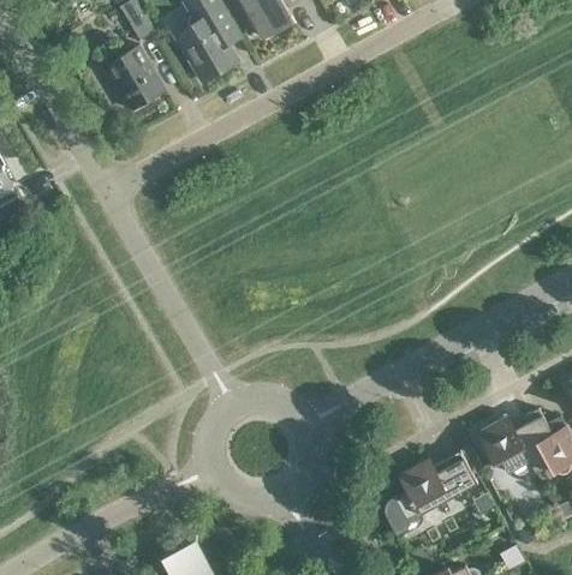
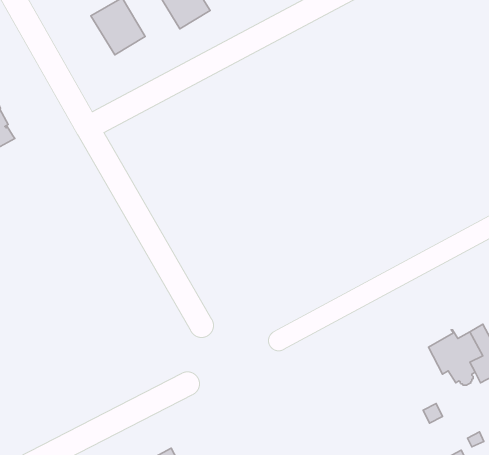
building: [382,450,476,537] -> none

